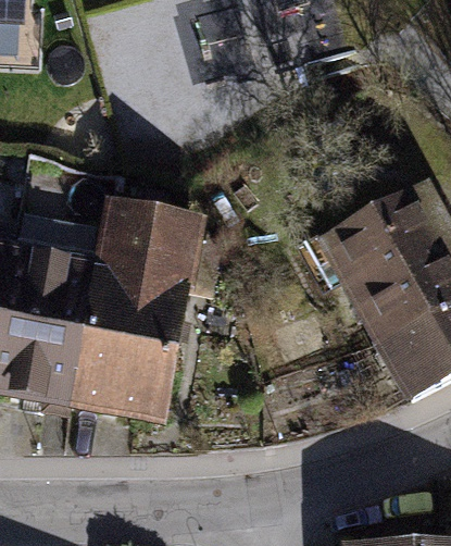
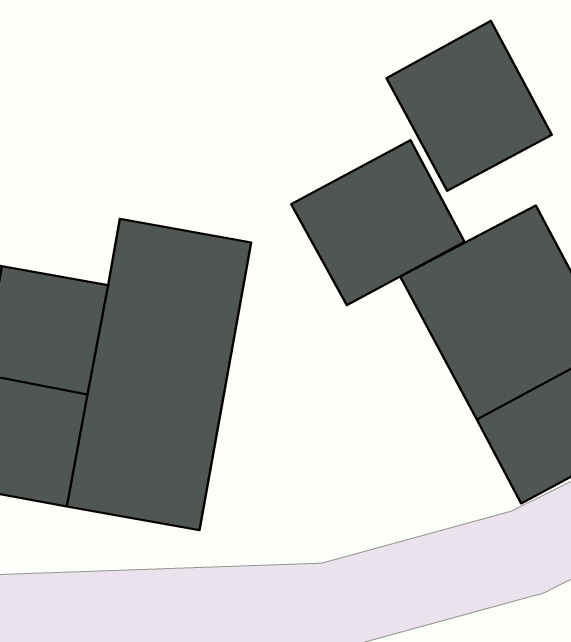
building: none -> [386,21,552,191]
building: none -> [291,140,465,305]

